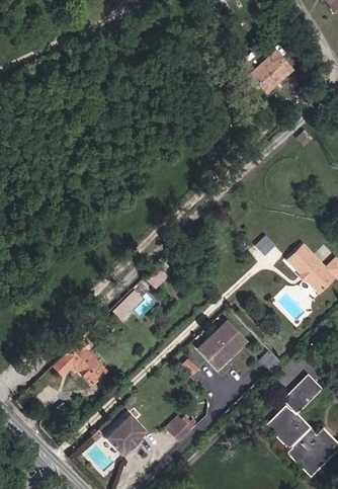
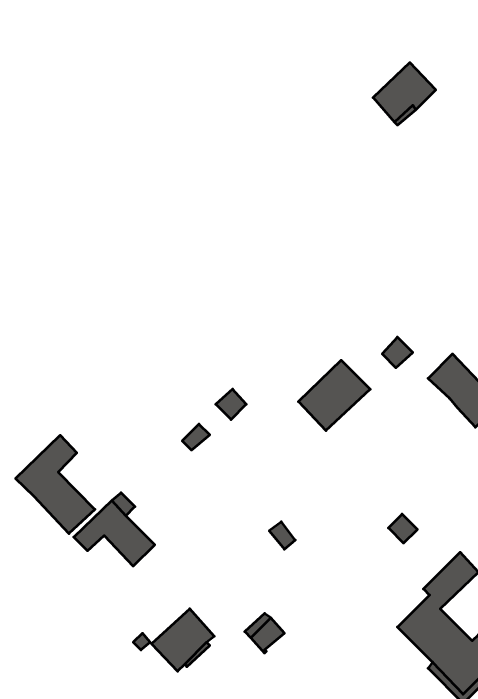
building: none -> [16,435,95,534]
building: [198,321,246,368] -> [298,360,370,431]

